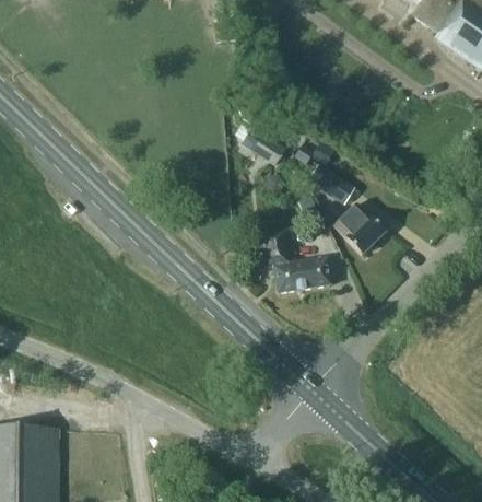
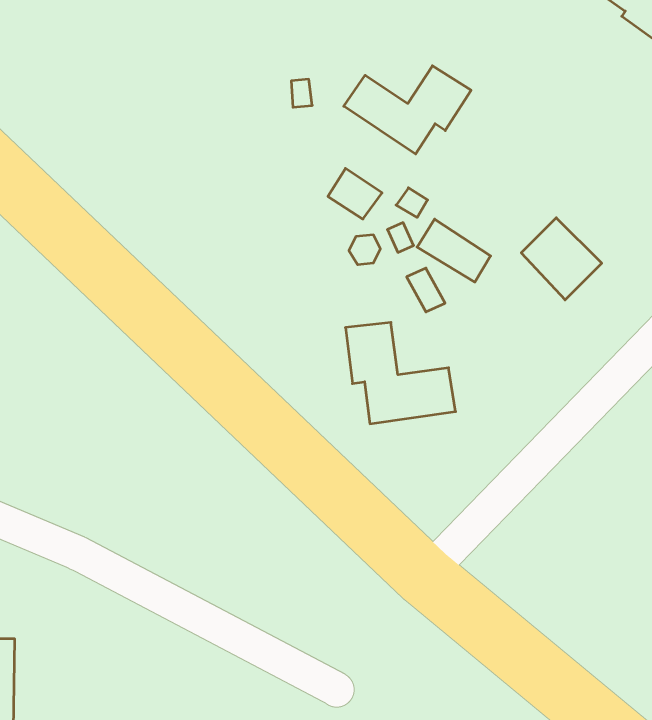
building: none -> [344,66,471,154]
building: [336,203,386,255] -> [521,218,602,300]

